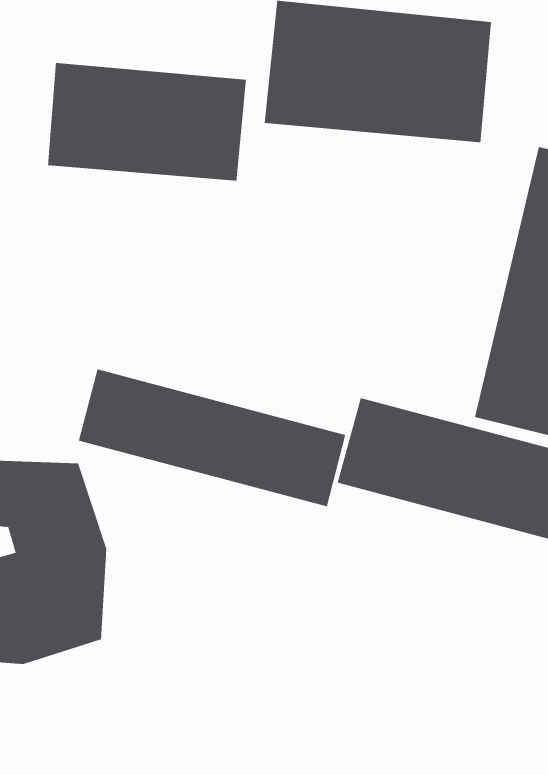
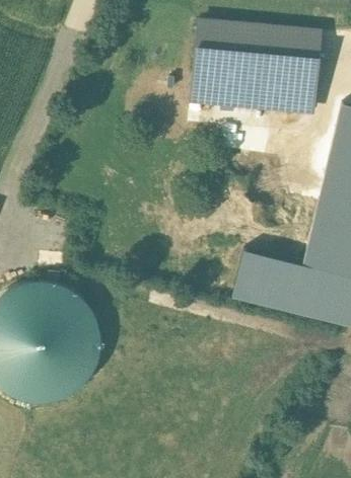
building: [47,62,246,181] -> none
building: [78,368,346,507] -> none

